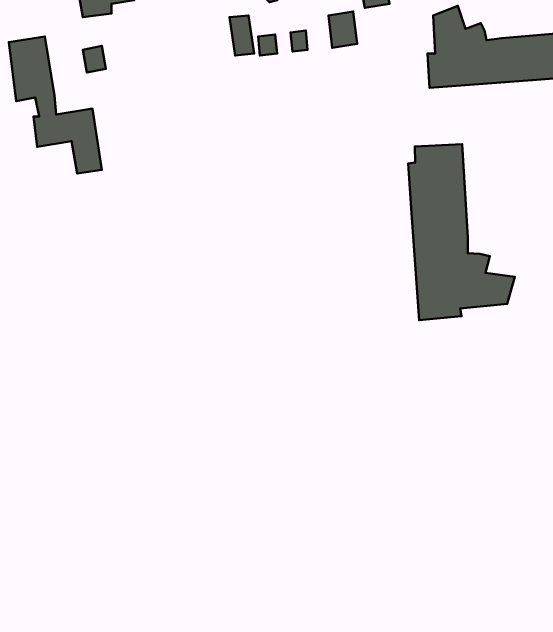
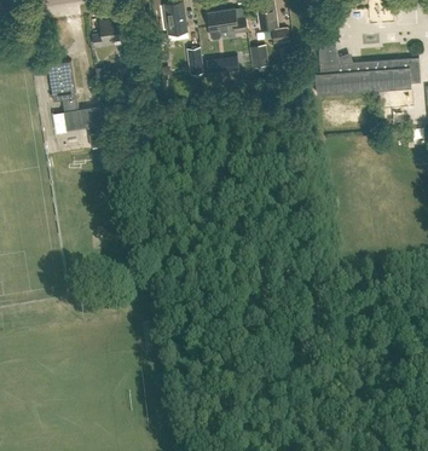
building: [408,144,515,320] -> none

